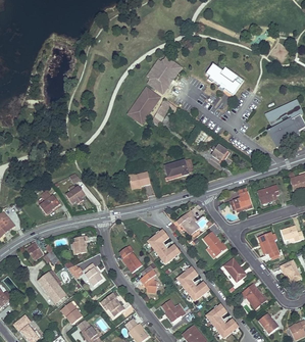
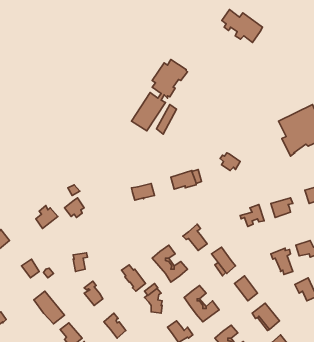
building: [206,63,244,94] -> [222,10,262,43]

